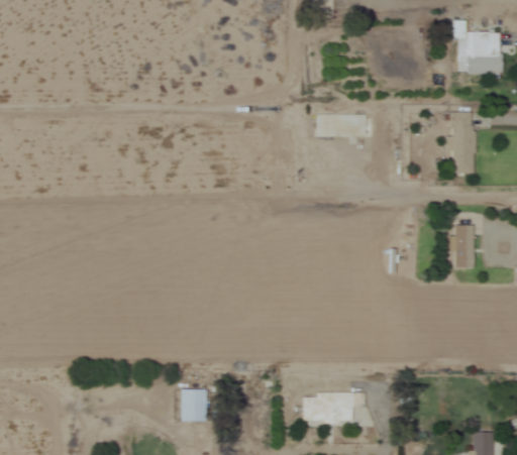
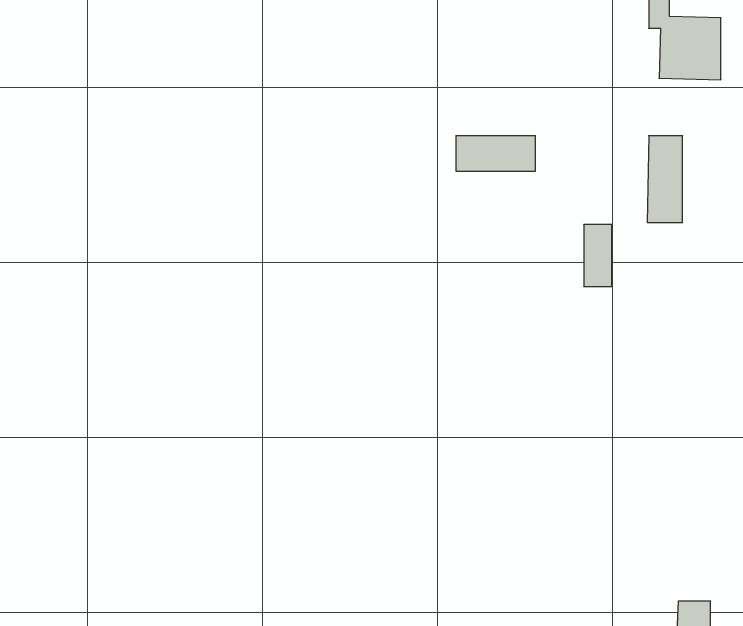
building: [454,225,474,267] -> [584,225,612,286]
building: [181,389,207,422] -> none
building: [303,392,366,425] -> none

